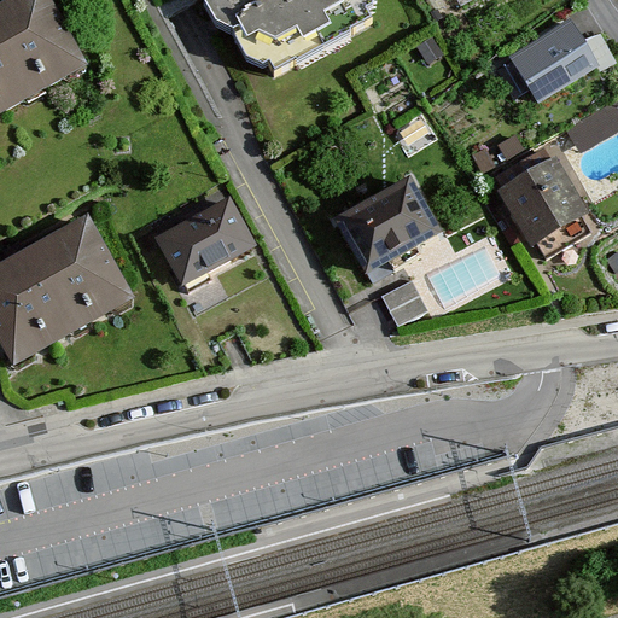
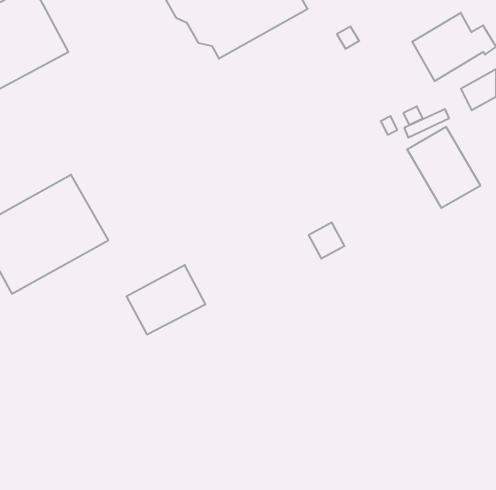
building: [334,176,441,272] -> none
building: [156,194,253,280] -> [126,265,205,334]

